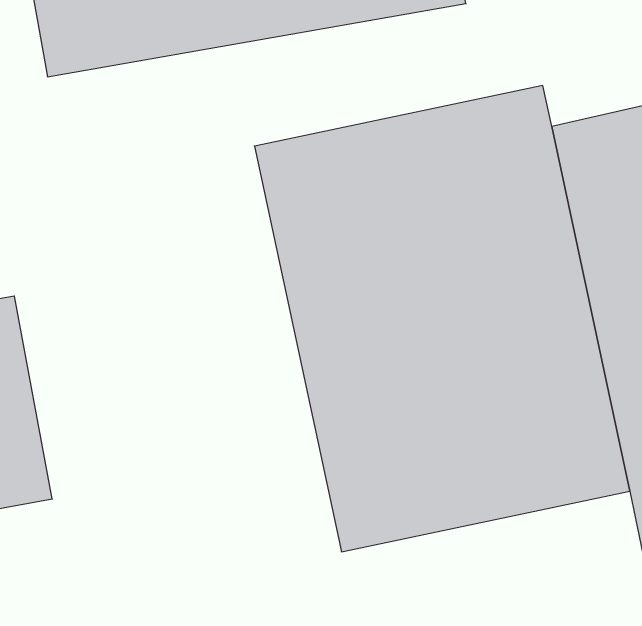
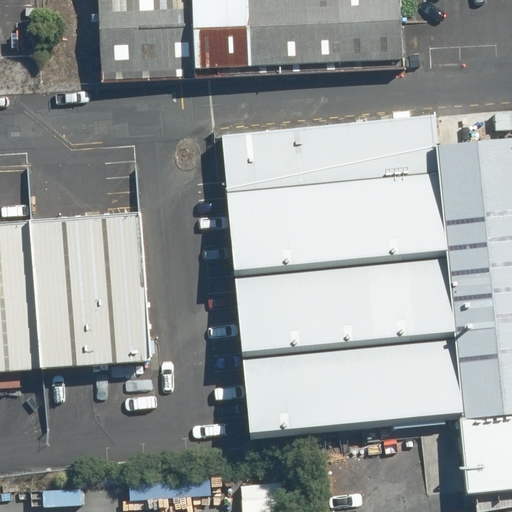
building: none -> [38,215,156,370]

